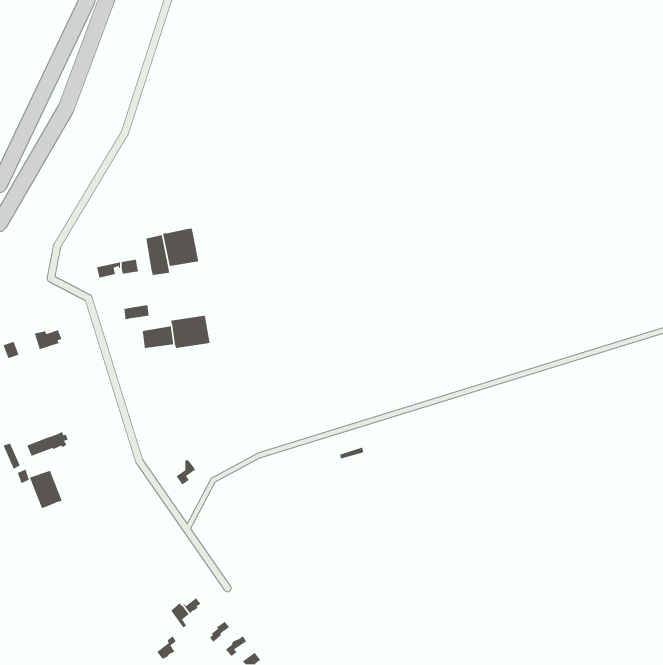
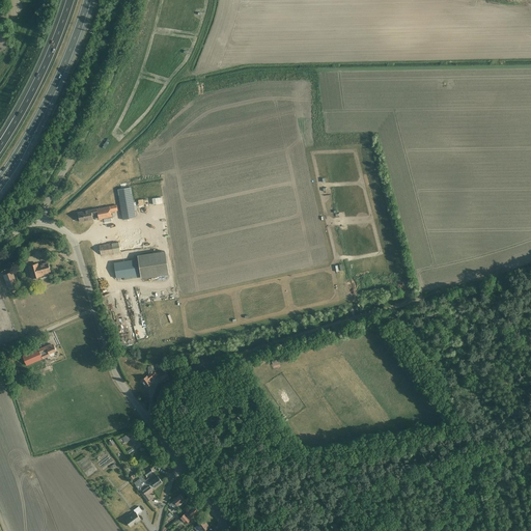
building: [162,228,199,267] -> none
building: [29,470,63,509] -> none

